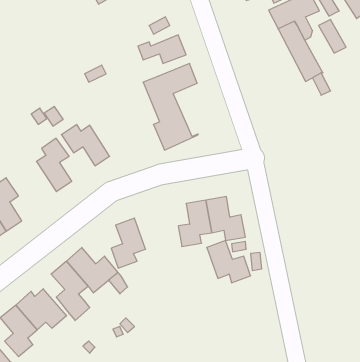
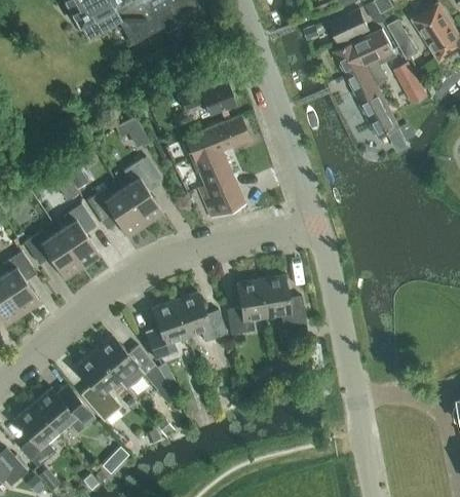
building: none -> [121,159,163,226]
building: none -> [25,230,81,279]
building: [207,241,251,283] -> [175,292,227,342]

